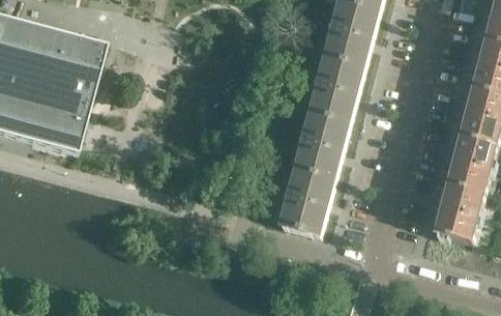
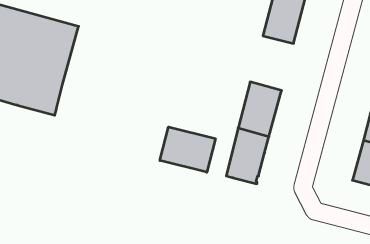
building: [311,53,363,119] -> none
building: none -> [160,127,215,172]

